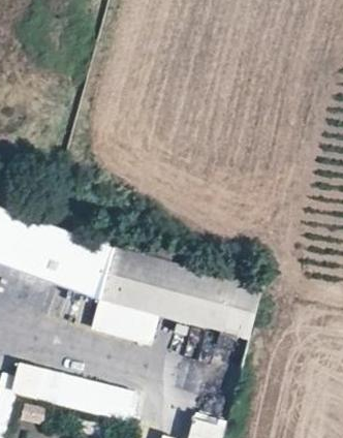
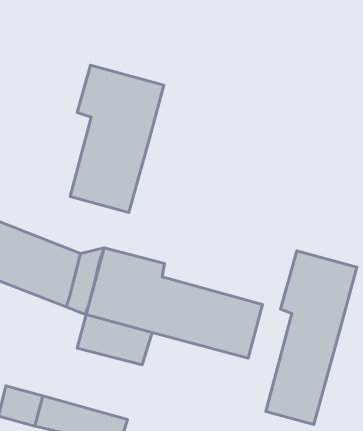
building: none -> [70,65,164,213]
building: none -> [266,251,357,425]

